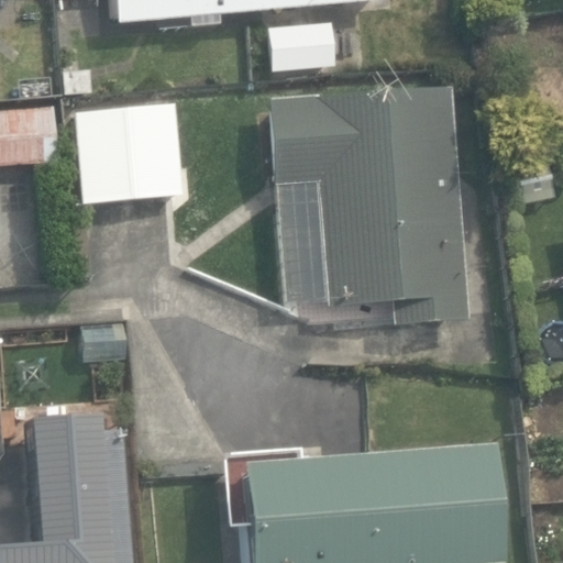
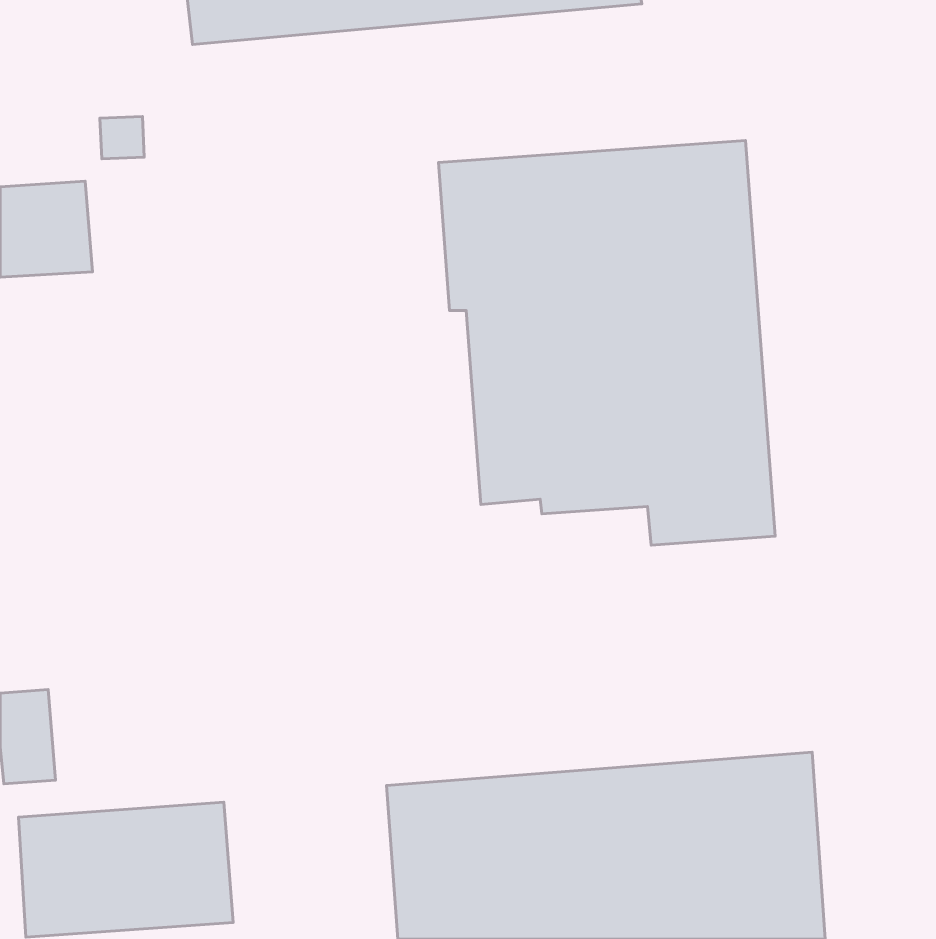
building: [76,103,183,203] -> none

